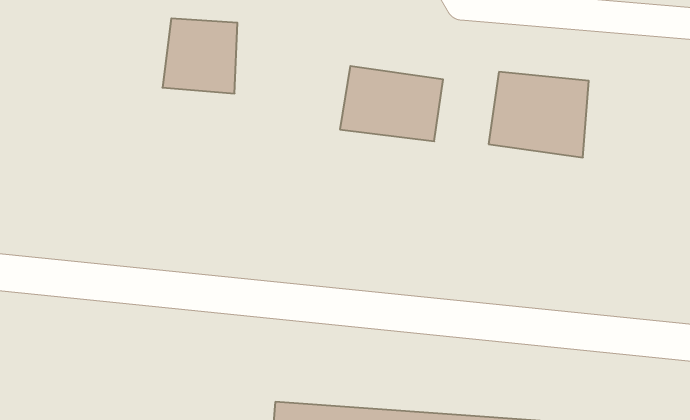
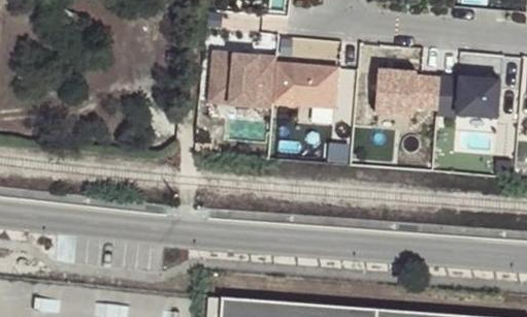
building: [162,18,237,93] -> [205,53,258,105]
building: none -> [456,68,505,122]

